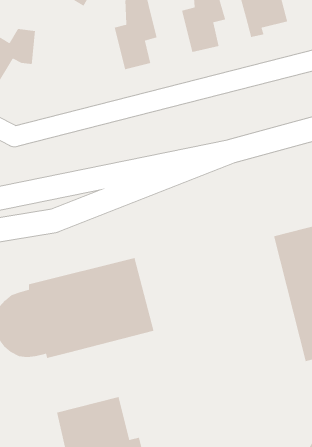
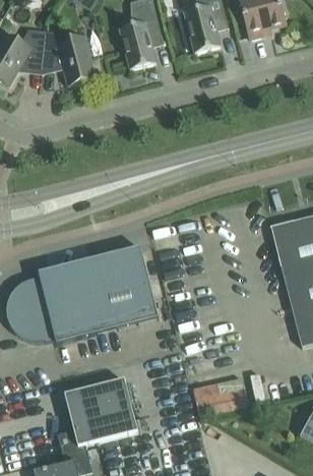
building: none -> [42,31,93,84]

